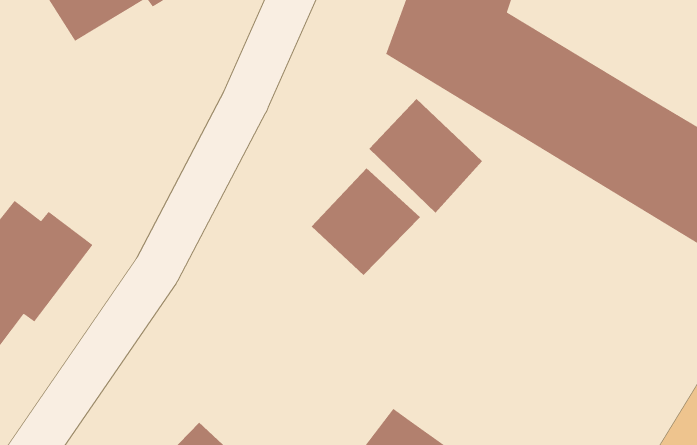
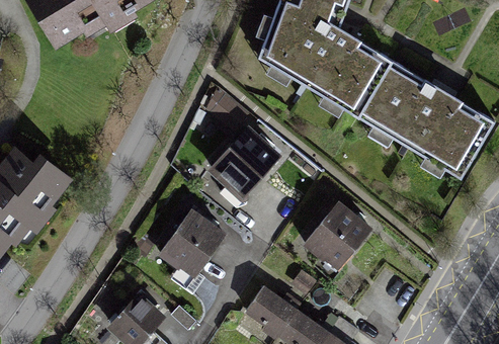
building: [369,98,483,214] -> none
building: none -> [302,203,375,277]
building: none -> [159,210,224,291]

